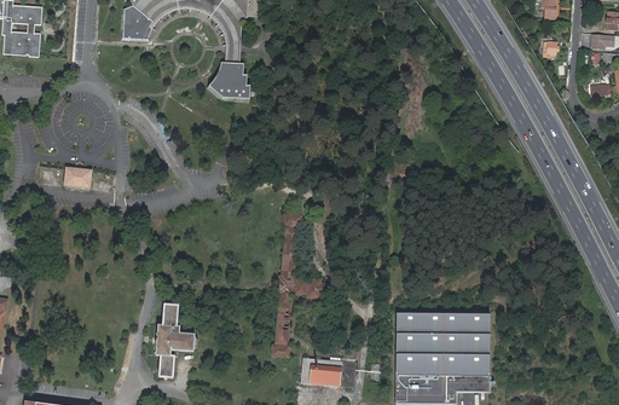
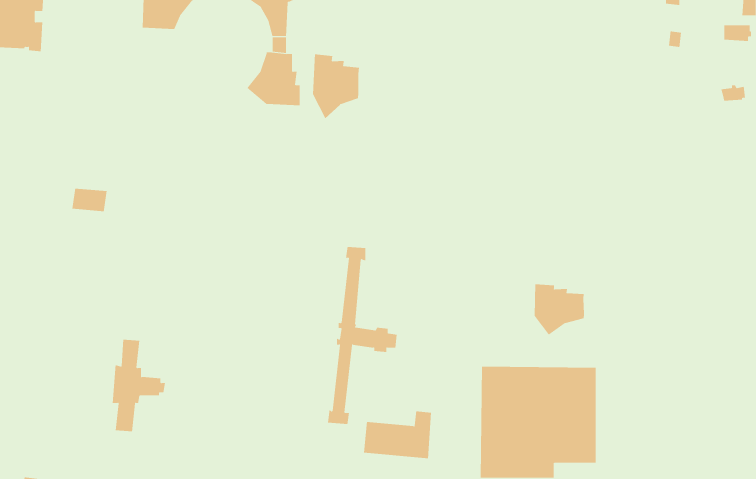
building: none -> [313,54,359,119]
building: none -> [534,284,585,336]
building: [156,303,199,378] -> [112,339,166,432]

